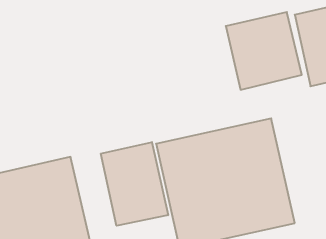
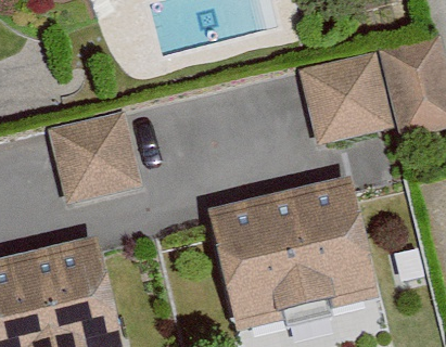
building: none -> [43,111,141,208]
building: [101,142,168,226] -> none

